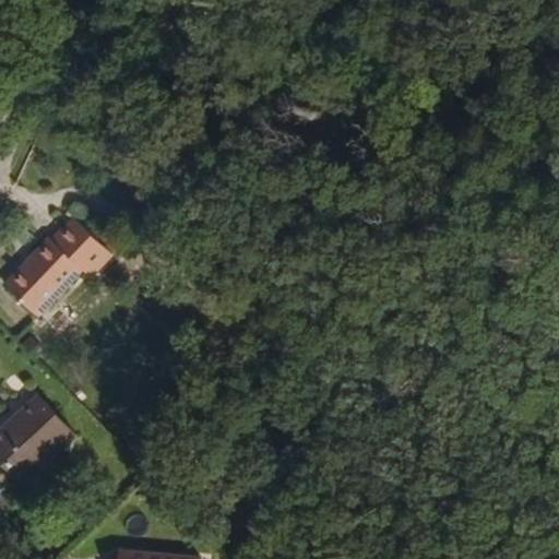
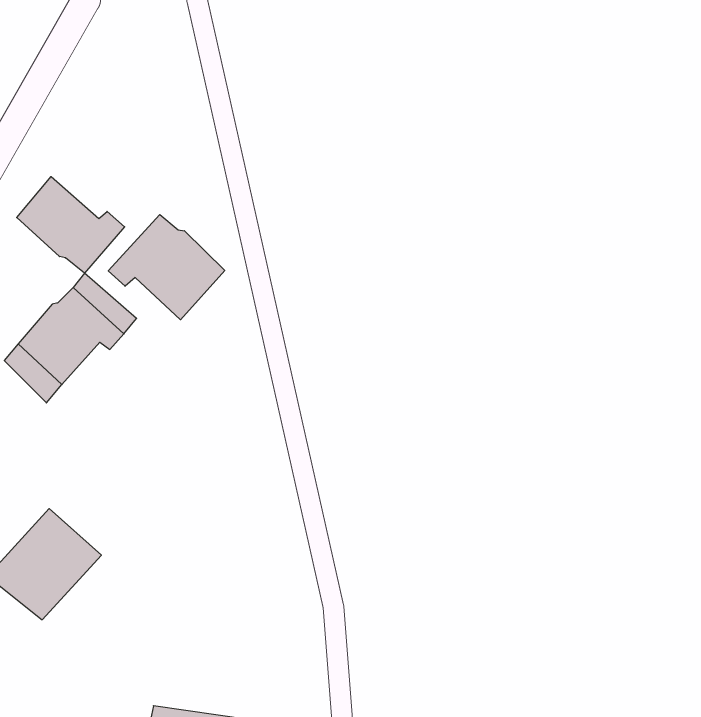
building: none -> [17,177,125,273]
building: none -> [108,215,225,320]

